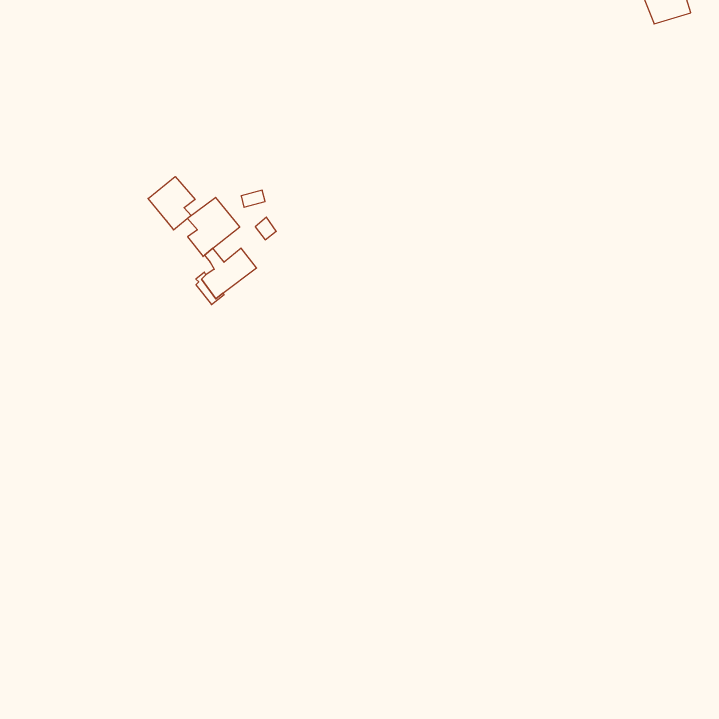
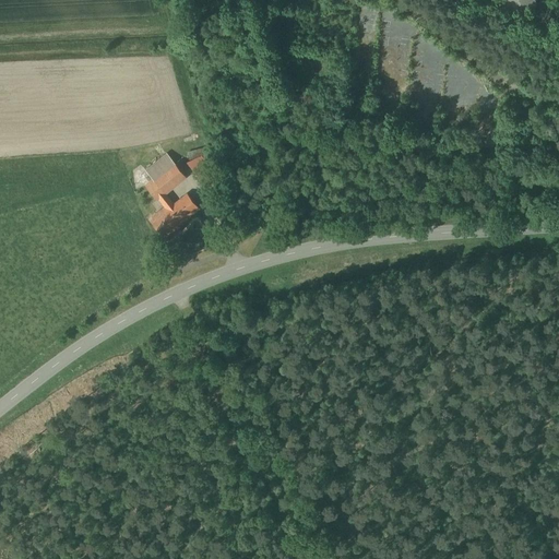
building: [148,177,195,230] -> none

